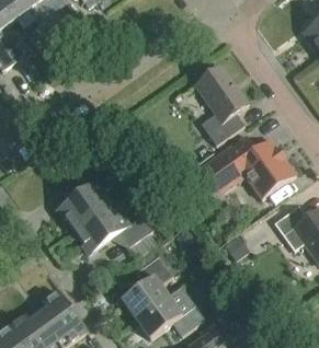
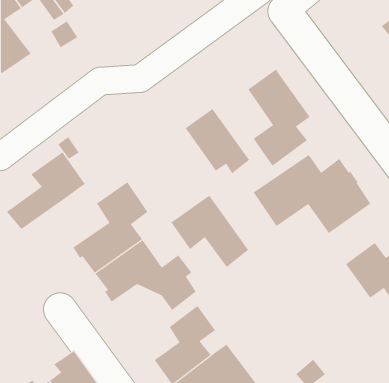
building: none -> [185,108,250,174]
building: none -> [6,151,86,230]
building: none -> [171,195,249,268]

